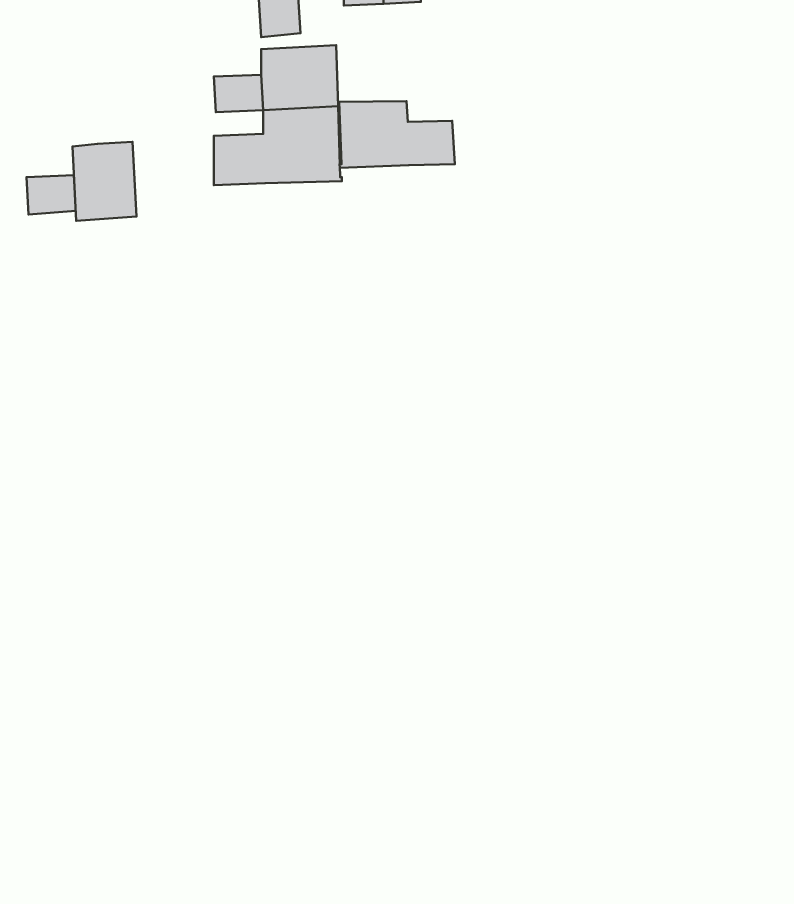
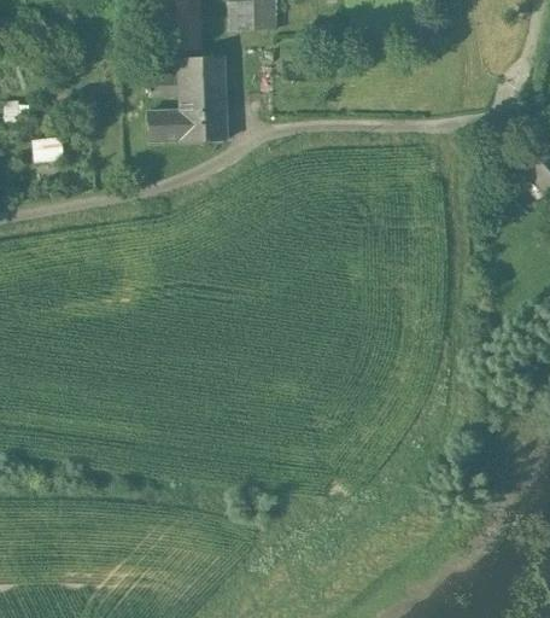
building: [339,101,455,168] -> none
building: [72,142,137,221] -> none

